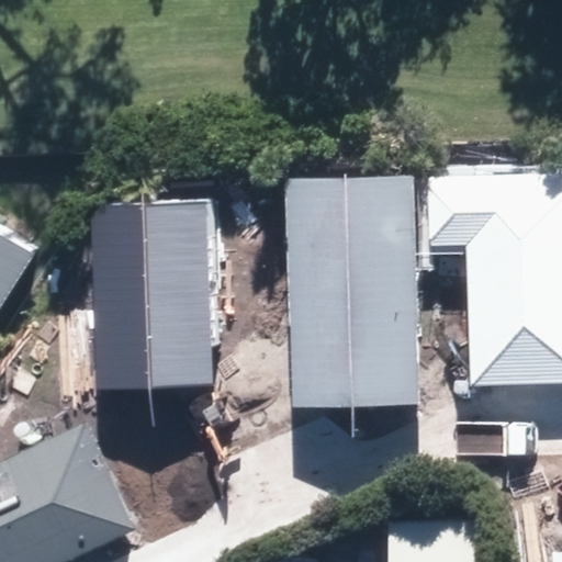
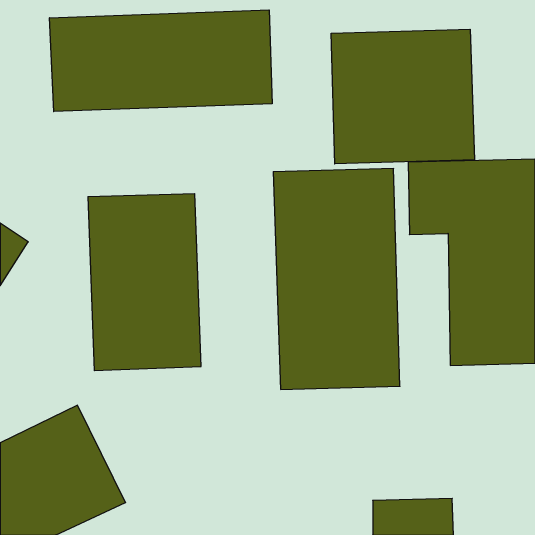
building: none -> [50,10,272,112]
building: none -> [331,29,474,164]

